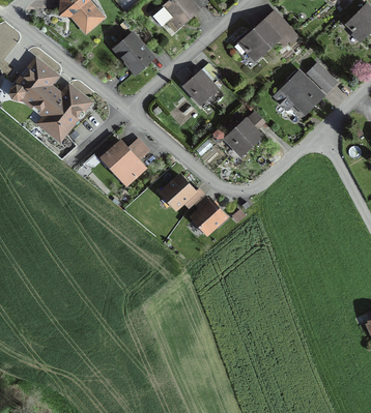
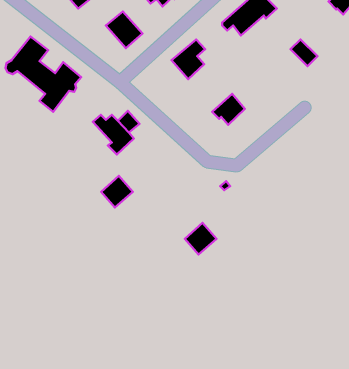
building: [274,71,323,112] -> none
building: [162,175,195,208] -> [101,176,133,208]
building: [193,200,226,233] -> [185,223,217,255]

